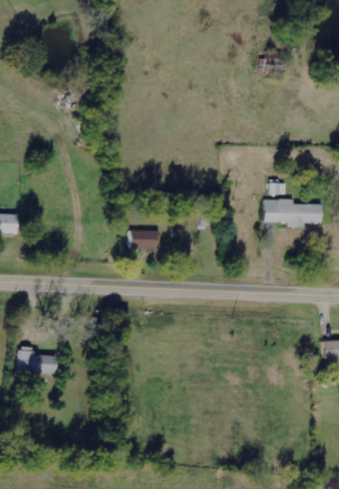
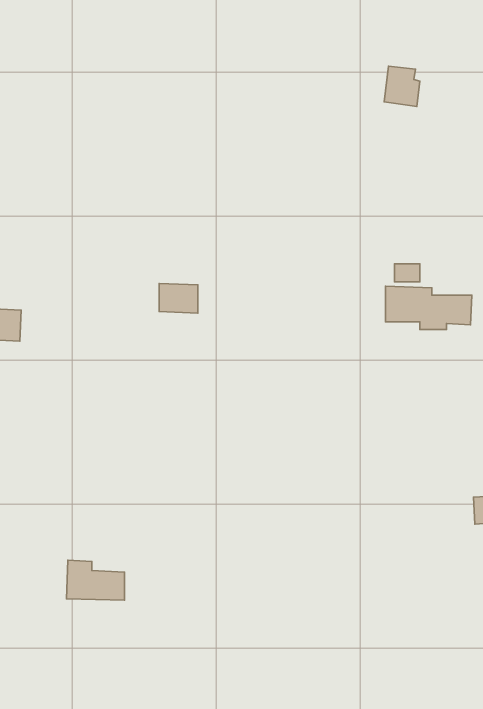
building: [129,229,155,250] -> [159,283,198,313]
building: [17,348,56,375] -> [66,560,124,600]

